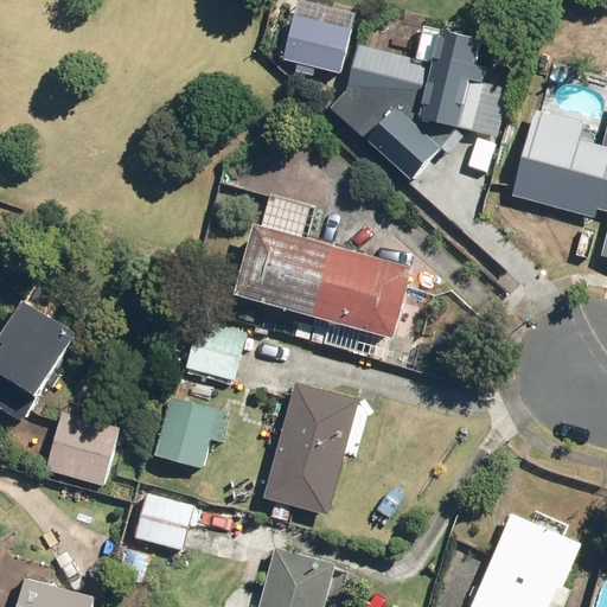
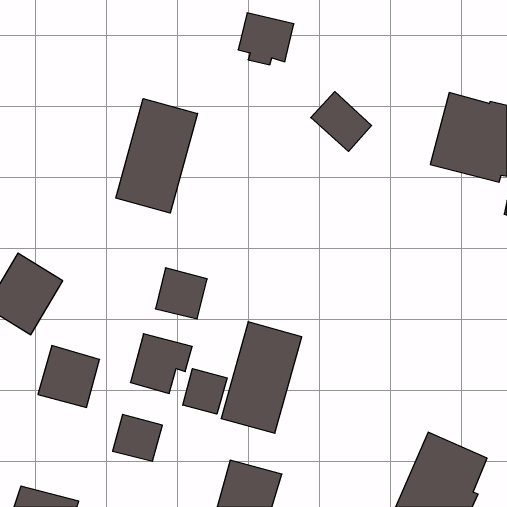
building: [346,32,485,128] -> none
building: none -> [116,99,198,213]
building: [234,226,413,340] -> none
building: none -> [183,369,227,414]

